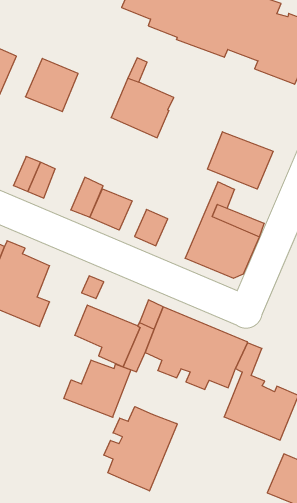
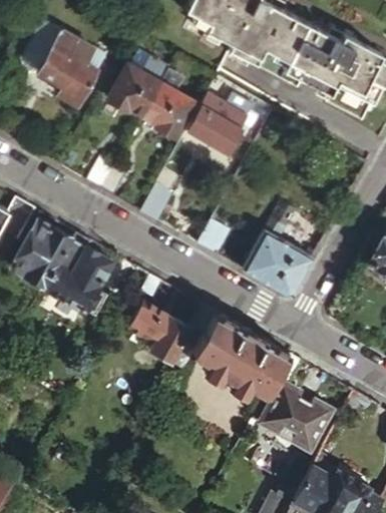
building: none -> [140,84,195,138]
building: [208,132,273,189] -> none
building: [90,189,132,230] -> none
building: [64,360,131,417] -> none
building: [104,407,177,491] -> none

